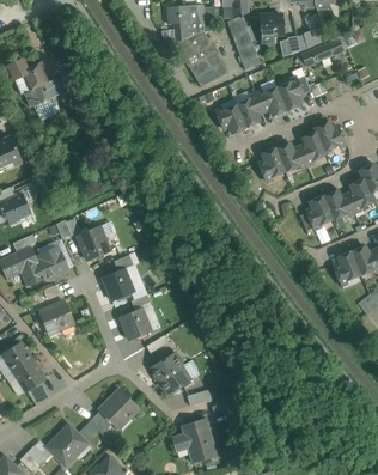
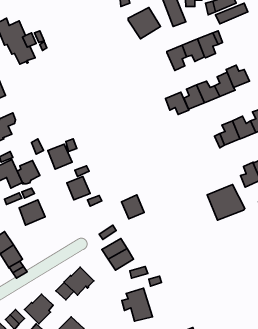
building: [215,104,246,134] -> [165,92,189,115]
building: none -> [207,184,245,220]
building: [121,307,151,340] -> [122,195,144,219]

